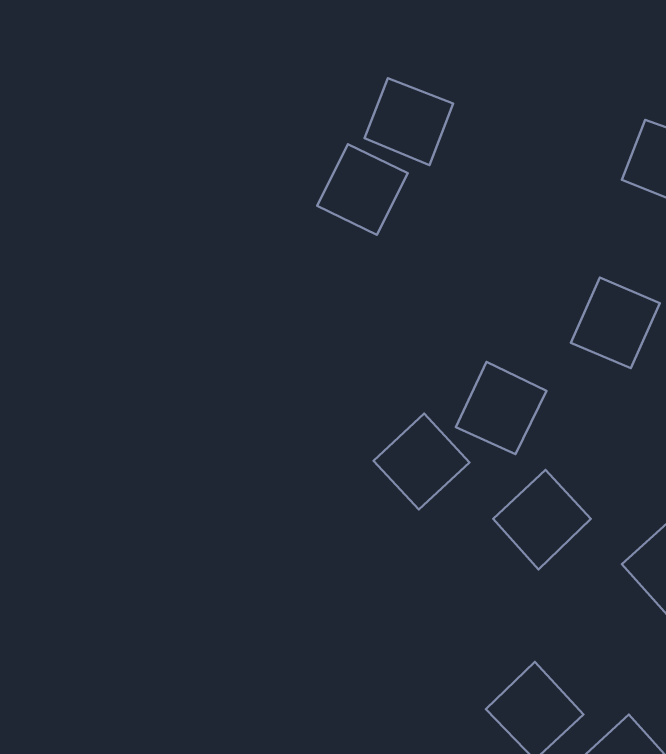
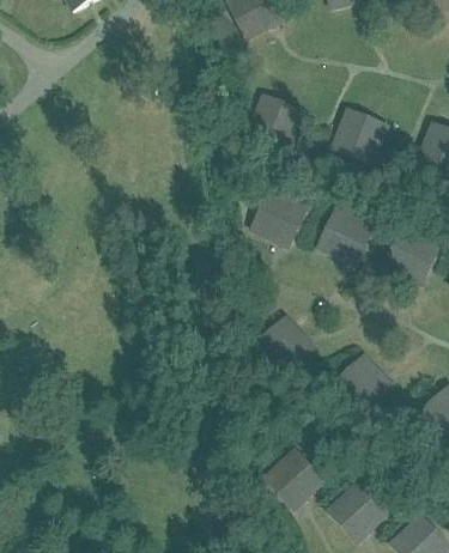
building: none -> [330,105,390,163]
building: [317,144,408,235] -> [249,187,309,247]
building: [456,362,546,454] -> [316,205,376,266]
building: none -> [263,445,328,510]

